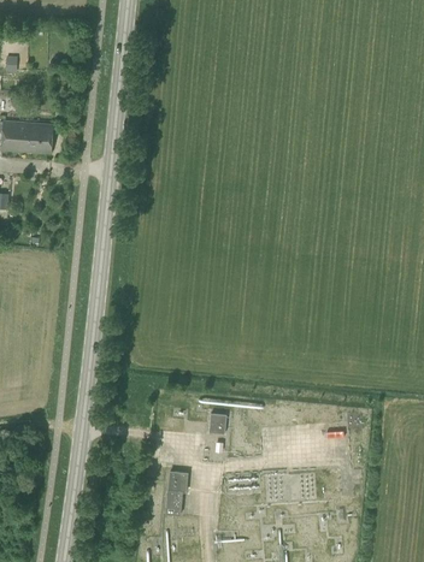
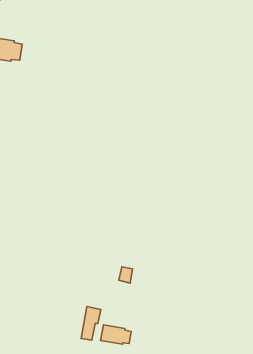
building: none -> [101,325,131,344]

